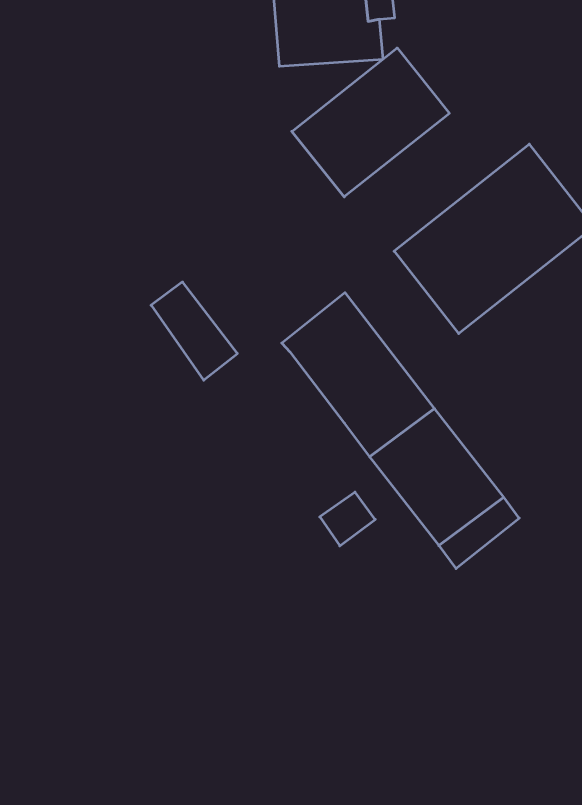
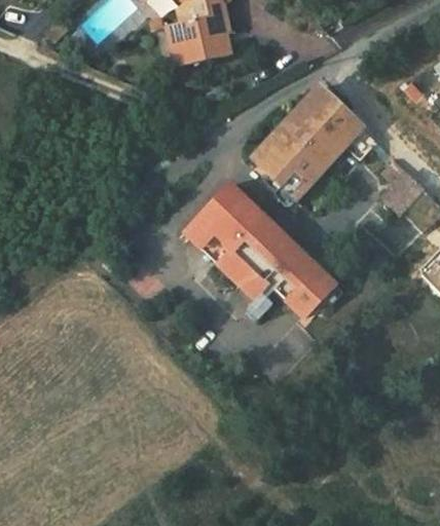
building: [292,48,449,197] -> none
building: [151,282,237,380] -> [188,219,240,271]

